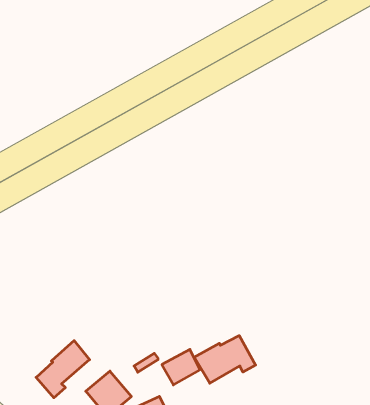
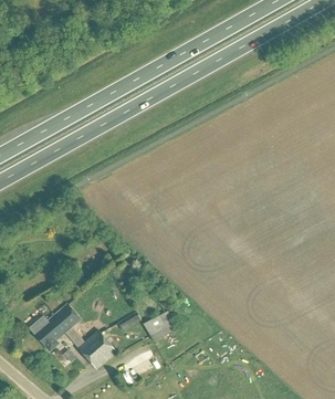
building: [194,336,256,383] -> none

